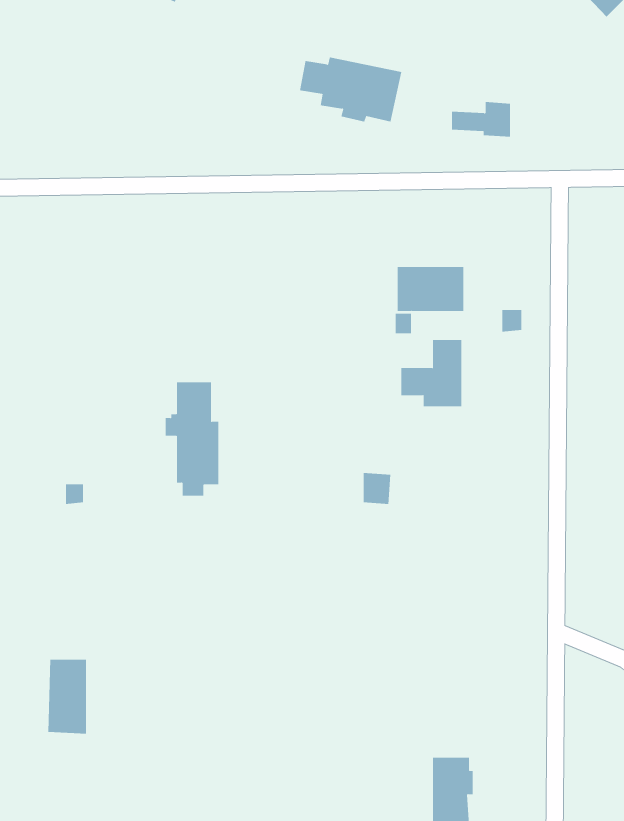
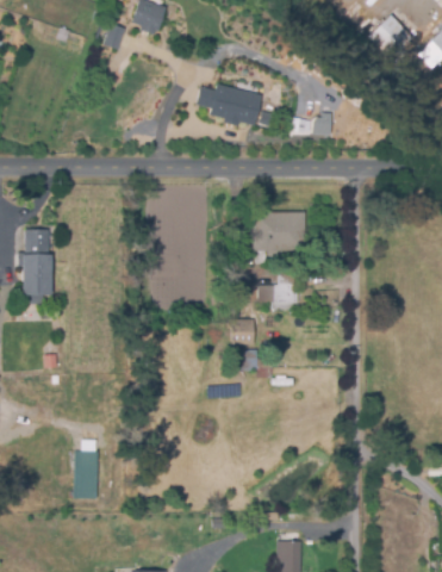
building: [165,382,219,496] -> [21,231,56,304]
building: none -> [230,317,255,343]
building: [48,659,87,734] -> [74,449,99,497]

